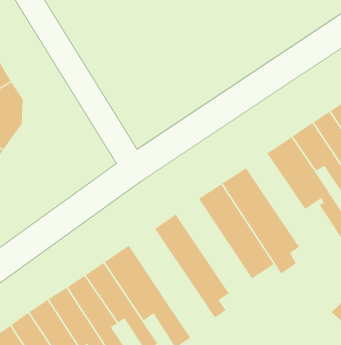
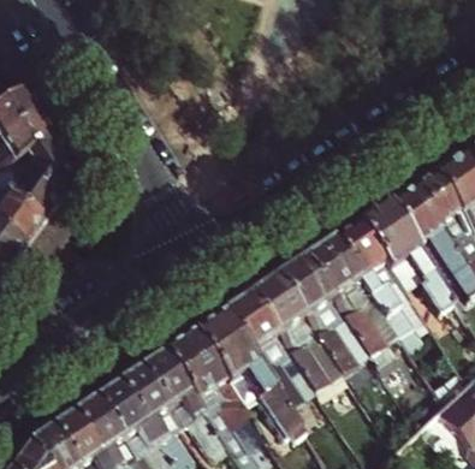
building: none -> [333,220,422,333]
building: none -> [249,274,339,387]
building: none -> [192,310,303,438]

